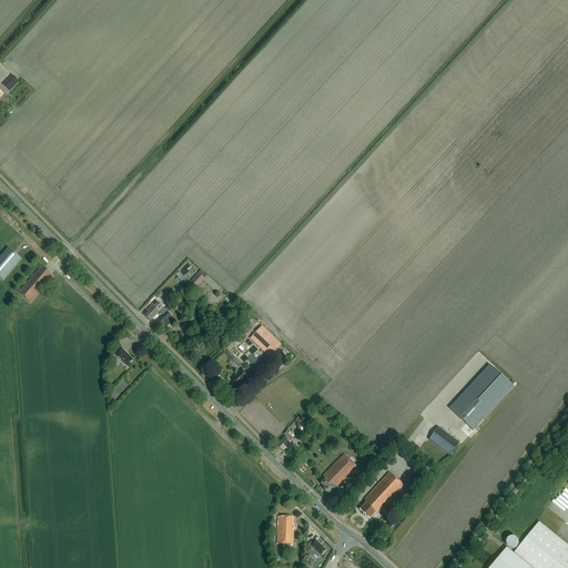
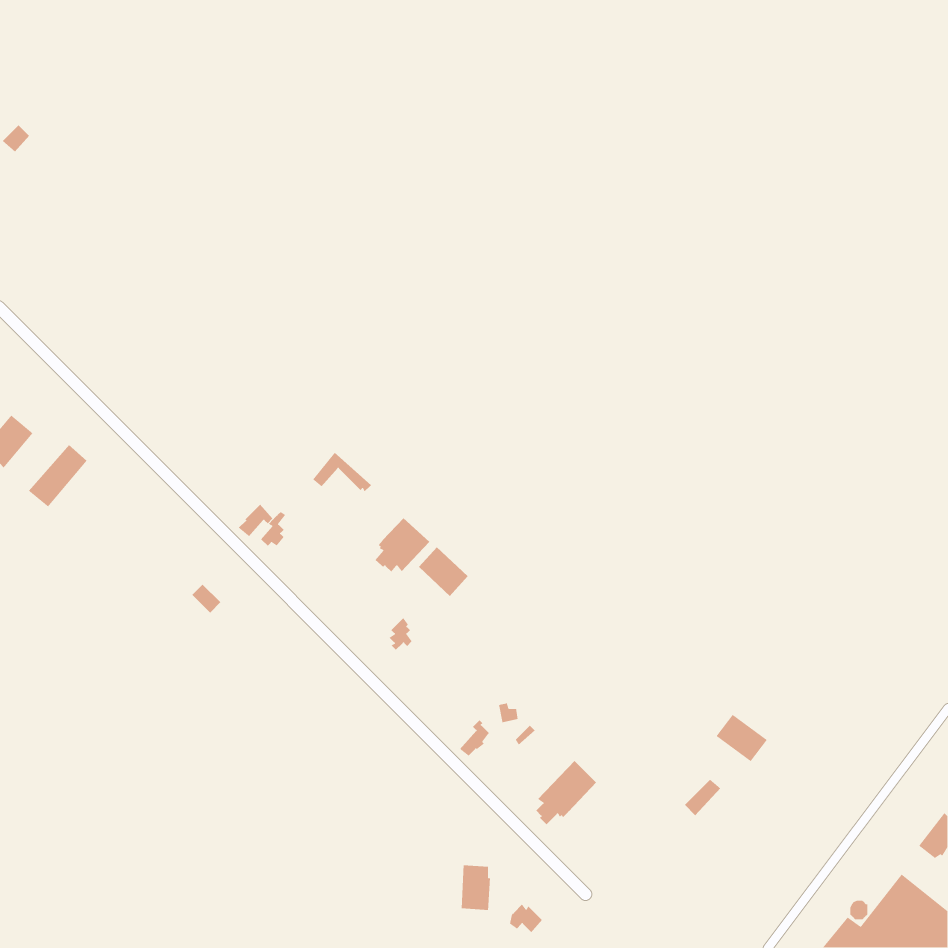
building: none -> [375,518,430,572]
building: [452,367,513,430] -> none
building: [358,473,403,518] -> none

